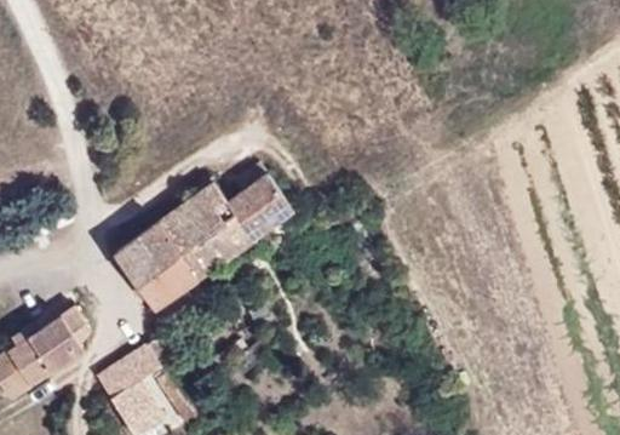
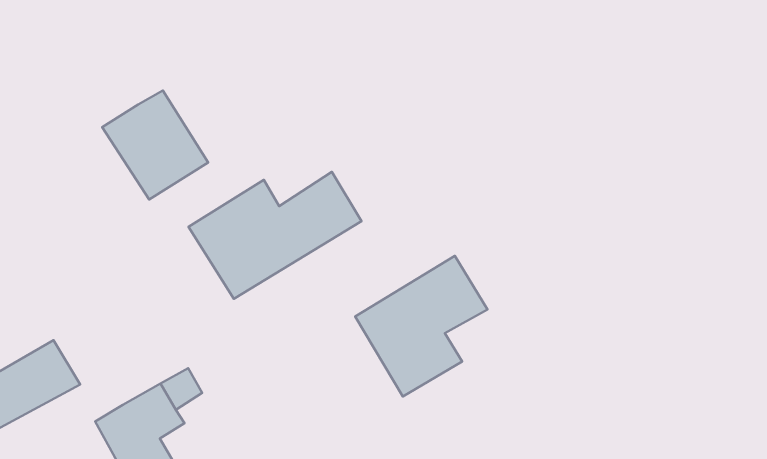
building: [113,222,196,307] -> [102,90,208,199]
building: none -> [355,256,487,397]

